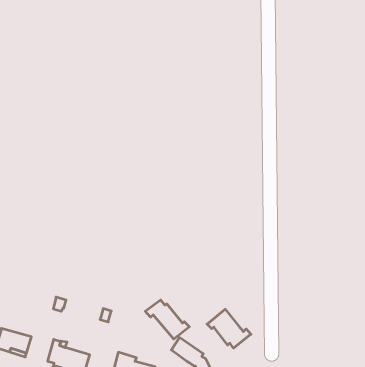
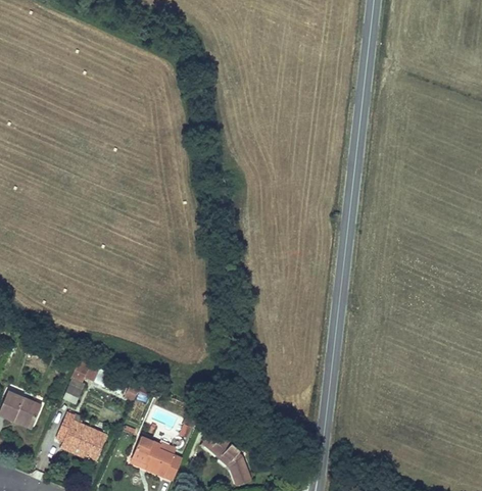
building: [145,300,189,339] -> none
building: [207,309,251,348] -> none

